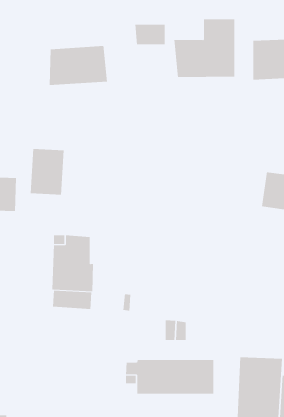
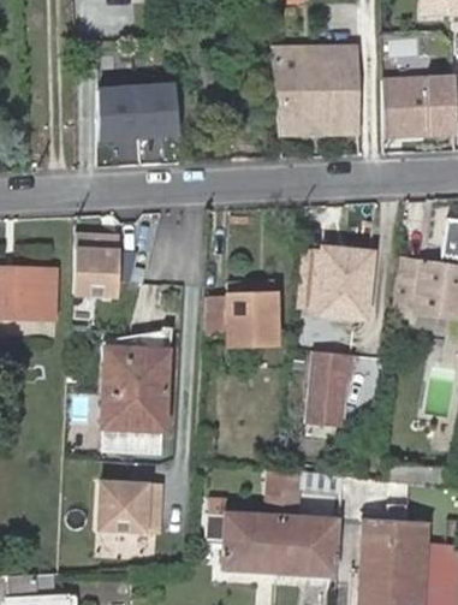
building: [134,24,166,45] -> [272,49,315,78]
building: none -> [317,249,373,319]
building: none -> [204,283,275,344]
building: none -> [311,346,361,423]
building: none -> [97,476,165,530]

